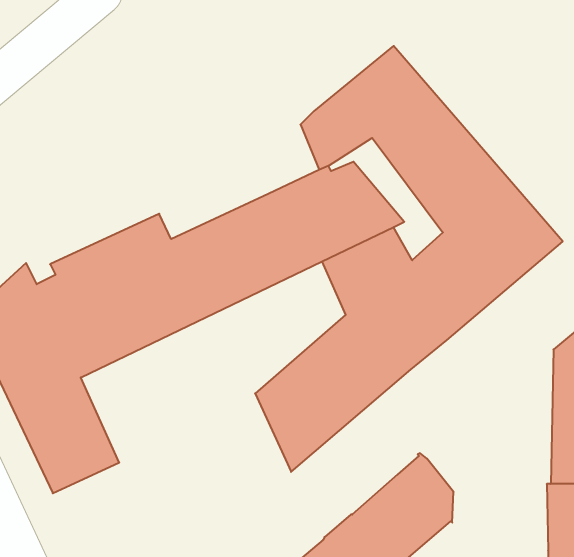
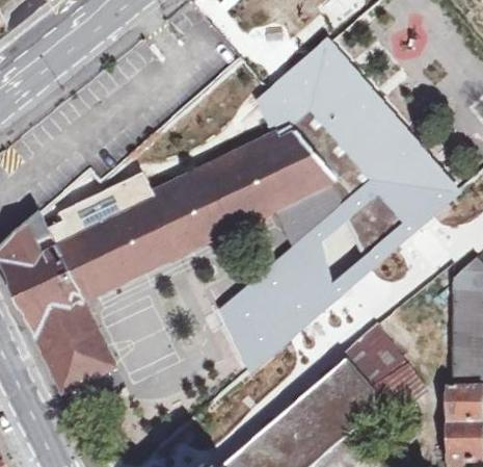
building: none -> [342,321,427,414]

